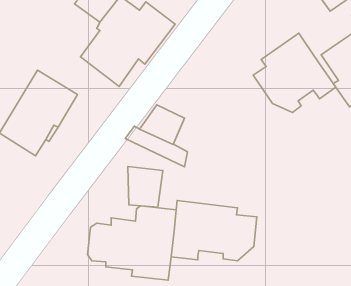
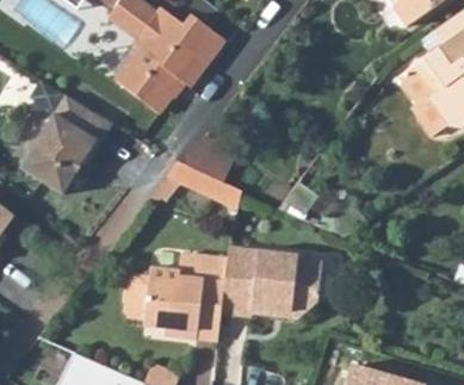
building: [253,33,336,113] -> none
building: [128,167,163,207] -> none

